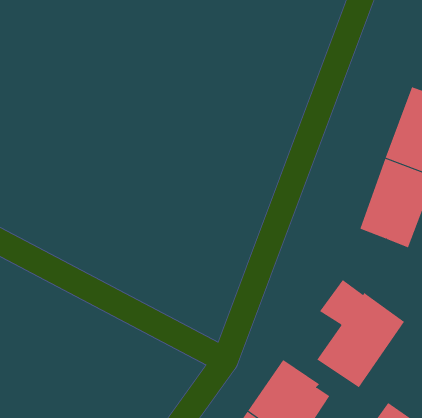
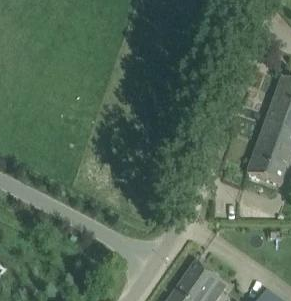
building: [317,279,405,388] -> none

